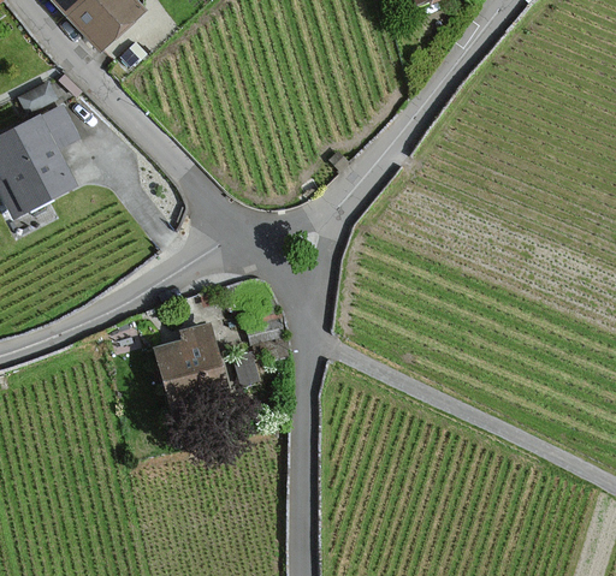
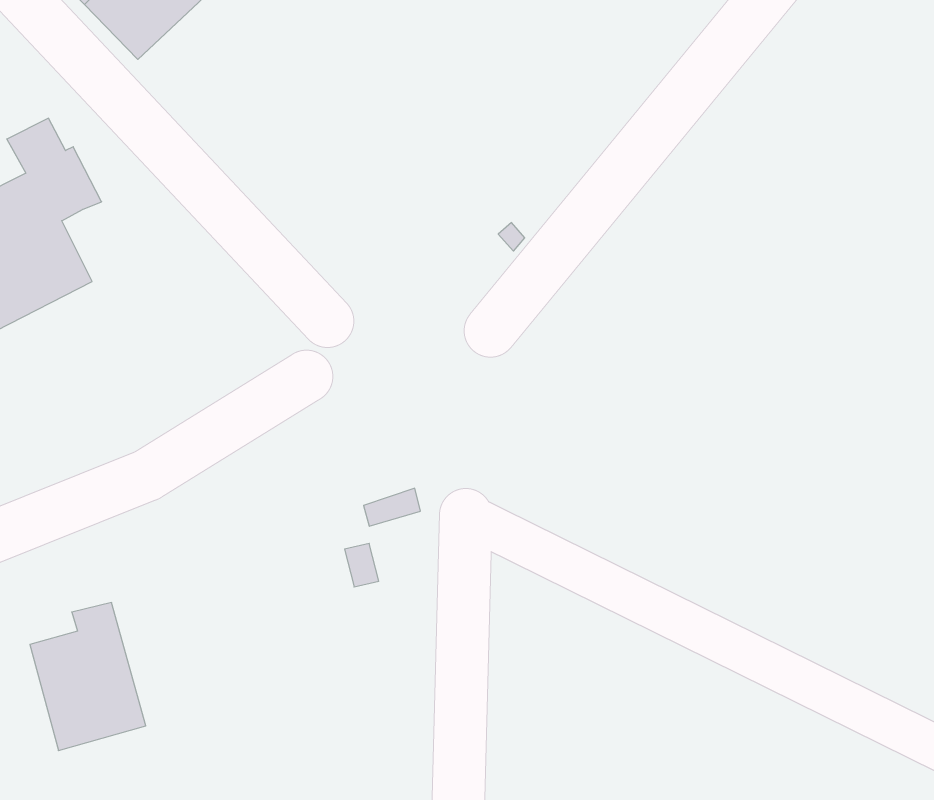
building: [154,325,227,418] -> [30,603,146,751]

